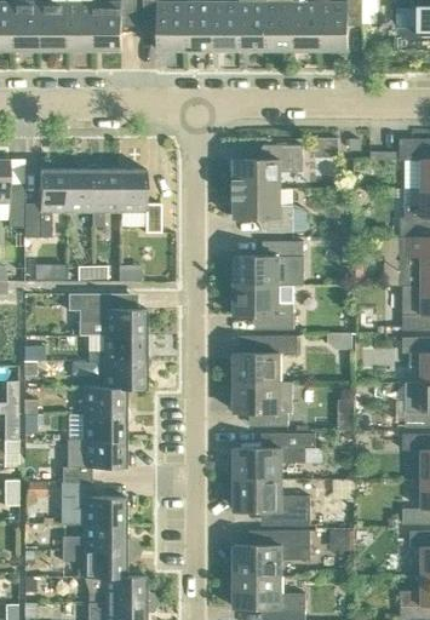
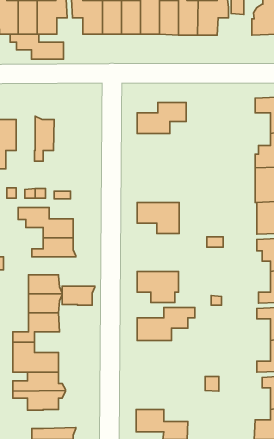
building: none -> [10,34,63,59]
building: [65,163,92,212] -> none
building: [117,168,160,232] -> none
building: [235,188,308,231] -> none
building: [235,240,304,285] -> none
building: [235,334,298,381] -> none
building: [103,361,149,388] -> [62,286,95,305]
building: [235,478,311,524] -> none
building: [234,529,311,575] -> none
building: [81,574,149,602] -> none

